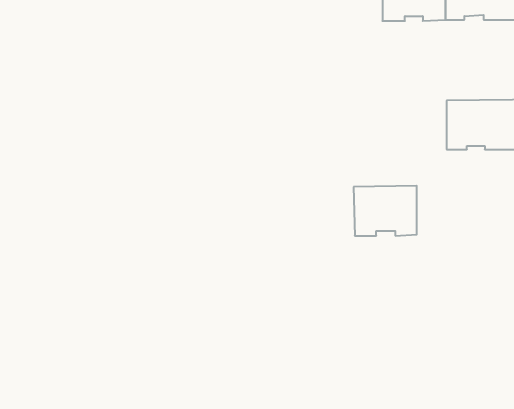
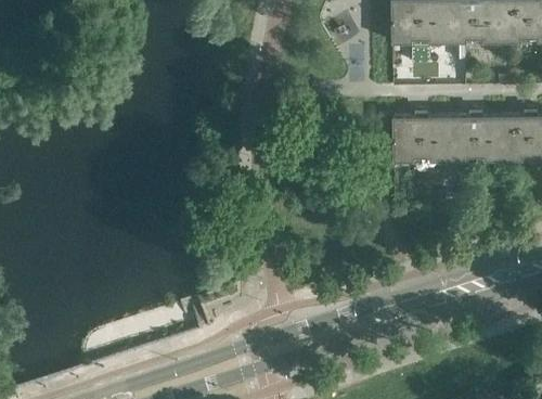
building: [354,186,417,236] -> [393,116,451,162]

